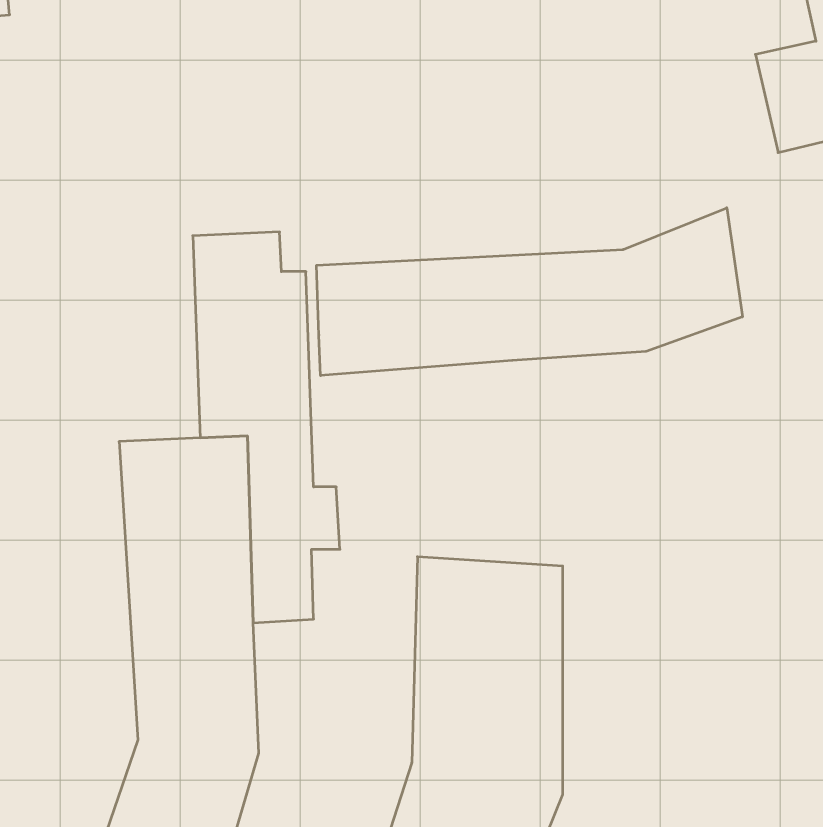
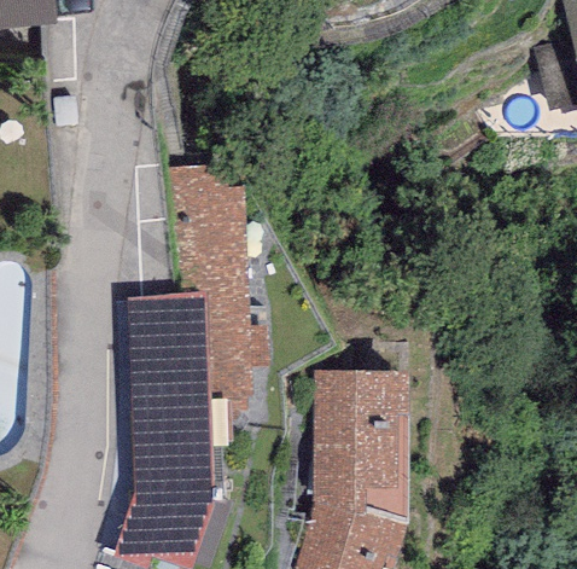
building: [317,208,742,376] -> none

